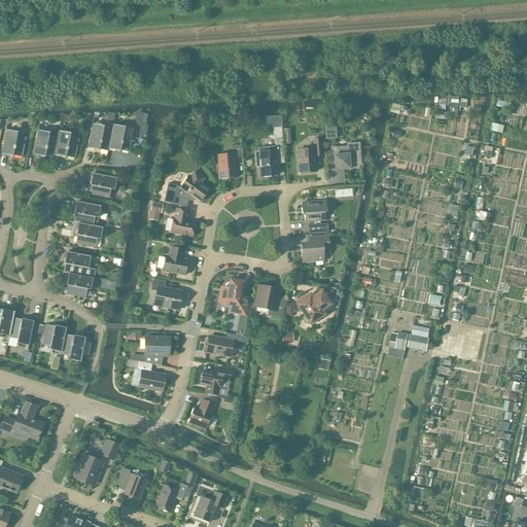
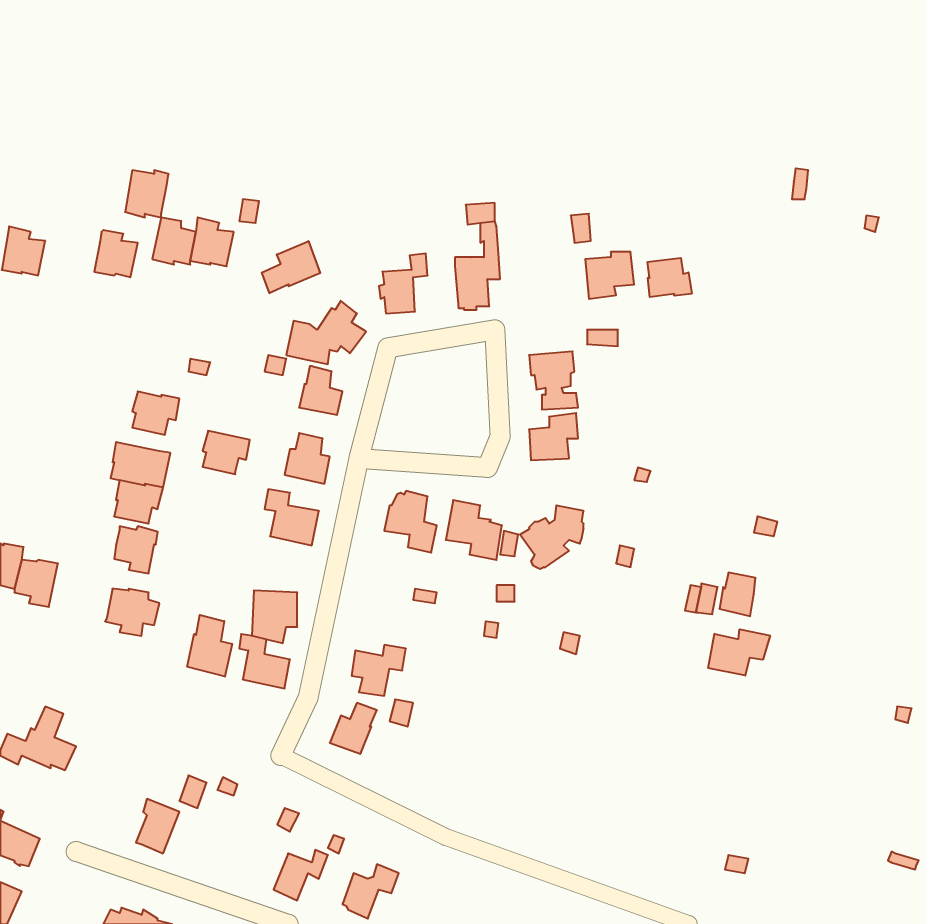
building: [33,130,58,156] -> [125,170,169,217]
building: none -> [262,241,320,293]
building: [297,138,322,172] -> none
building: none -> [648,258,692,297]
building: [90,173,116,198] -> none
building: [73,201,100,225] -> [203,431,250,474]
building: [41,324,66,351] -> [114,526,158,573]
building: [206,336,233,356] -> none
building: none -> [187,615,232,677]
building: none -> [708,629,770,676]
building: [115,467,146,499] -> none

